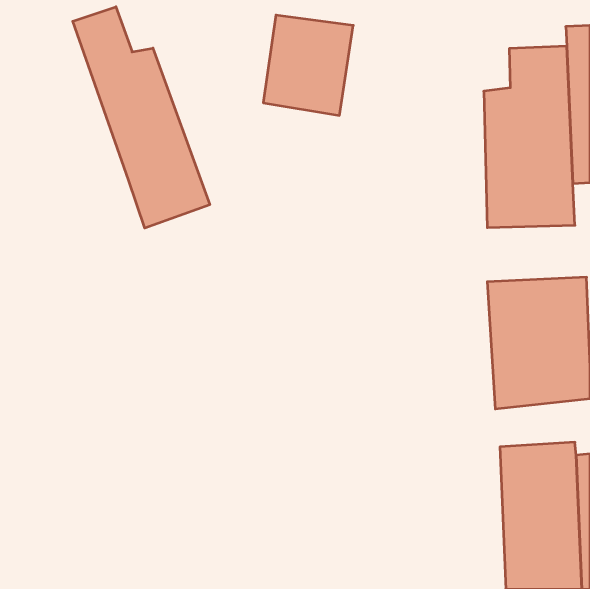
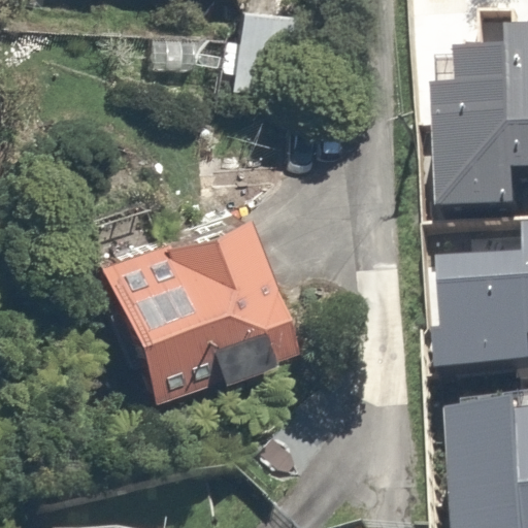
building: [73,7,210,228] -> none
building: none -> [103,221,302,404]

